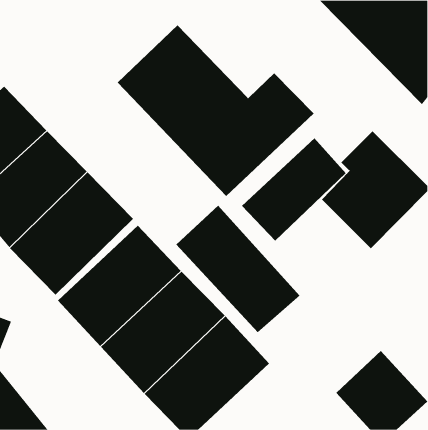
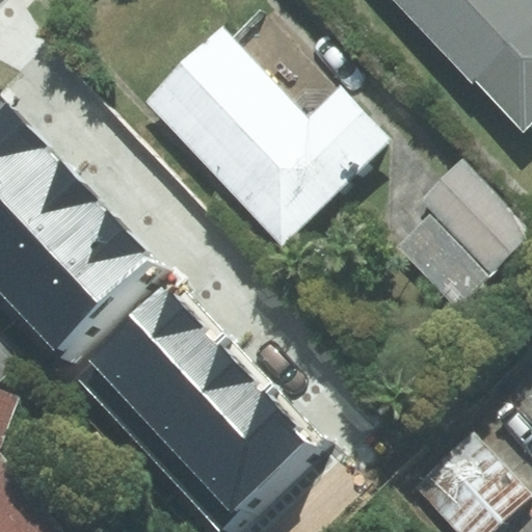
building: [241,138,347,242] -> none
building: [176,205,300,333] -> none

